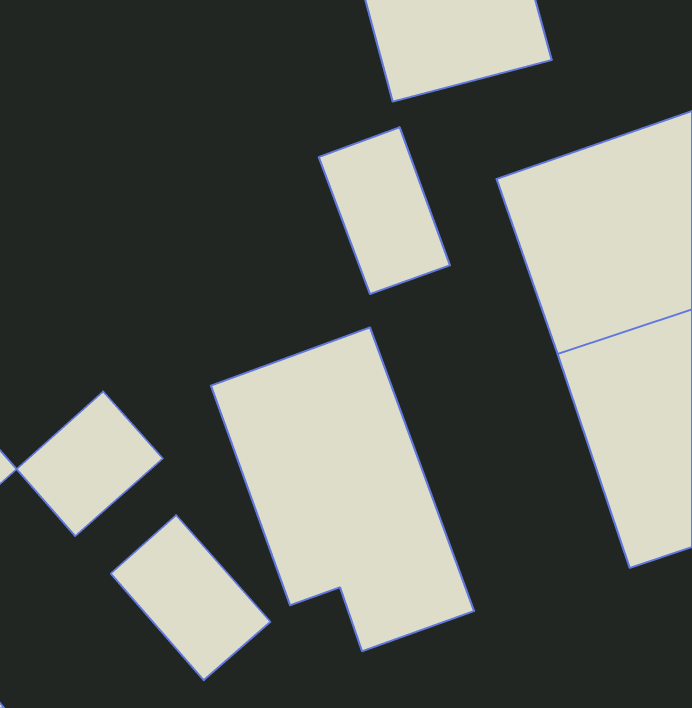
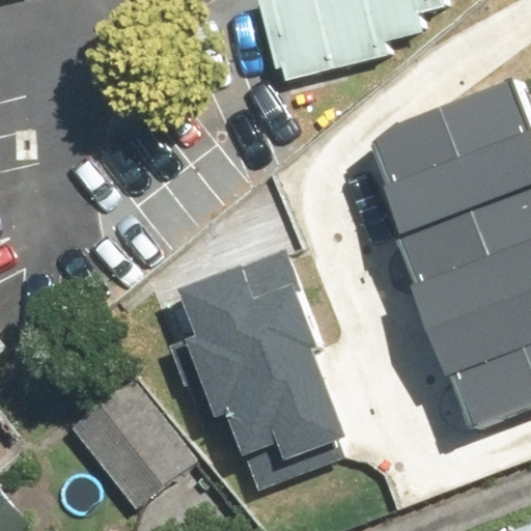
building: [319,127,450,294] -> none
building: [17,391,163,536] -> none

